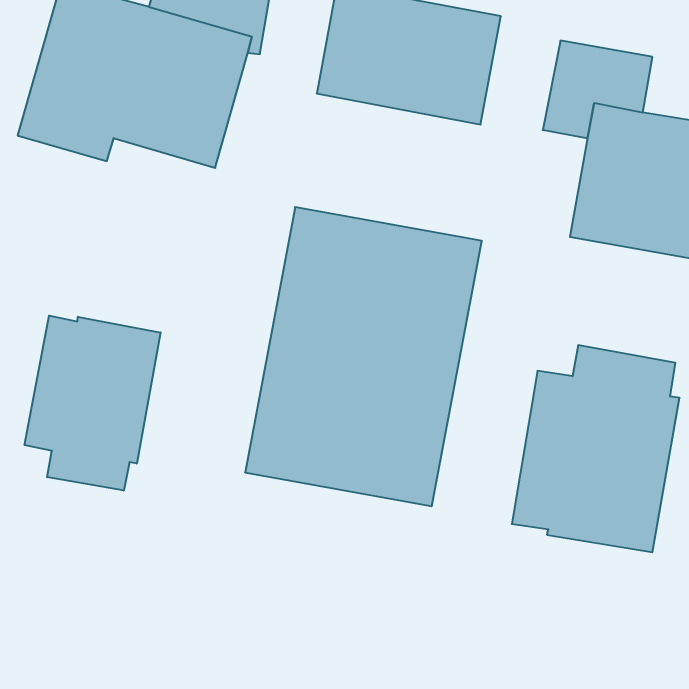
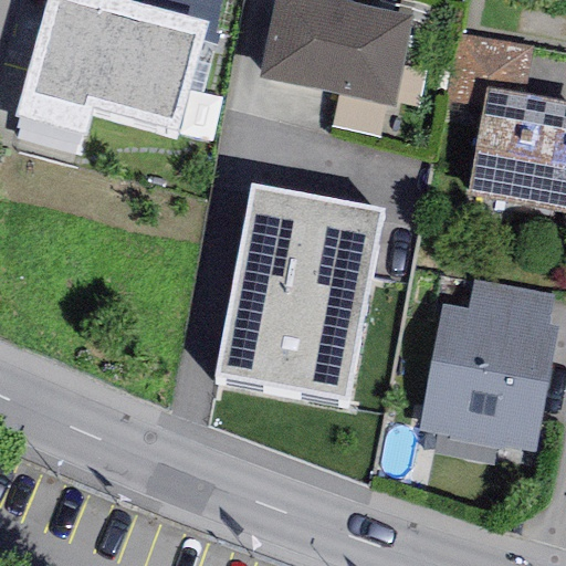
building: [25,316,161,491] -> none

